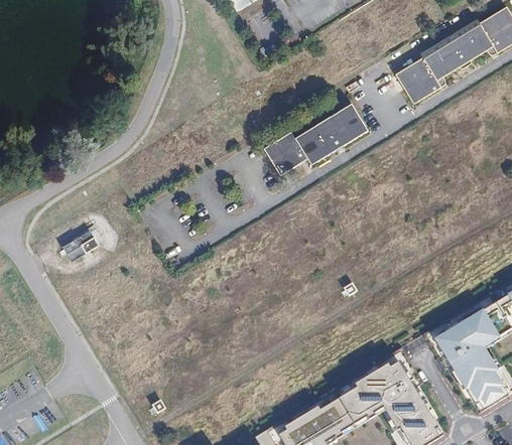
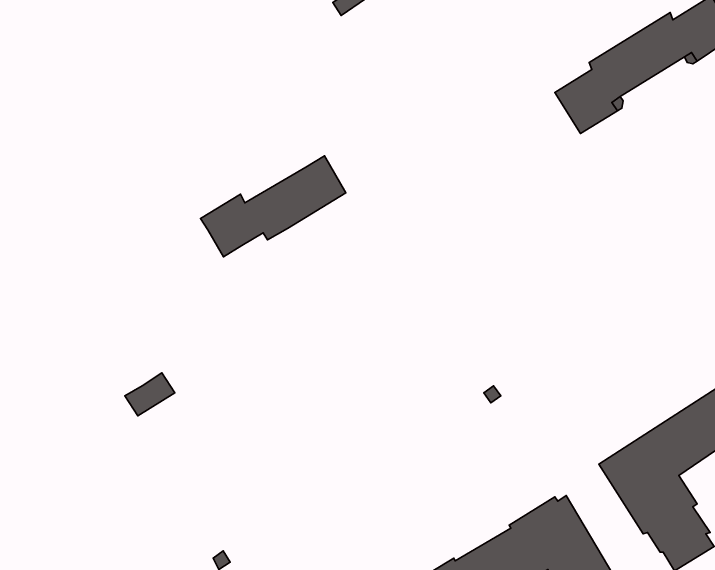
building: [263,103,366,174] -> [201,156,346,257]
building: [62,230,98,260] -> [125,373,175,416]

